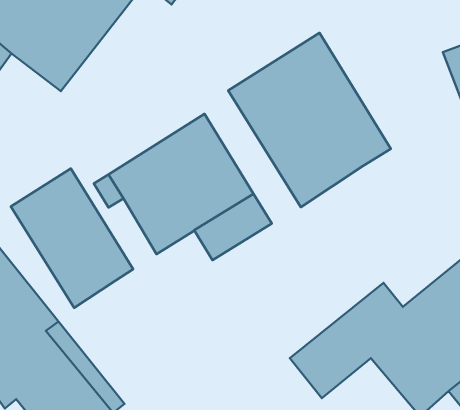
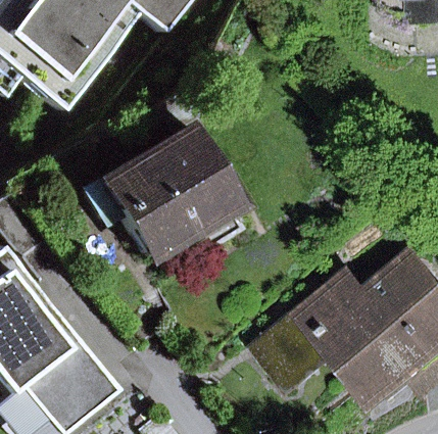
building: [228,33,391,207] -> none
building: [11,169,133,308] -> none

